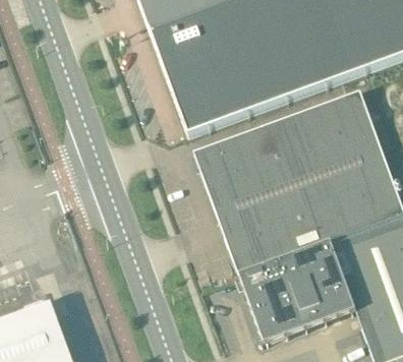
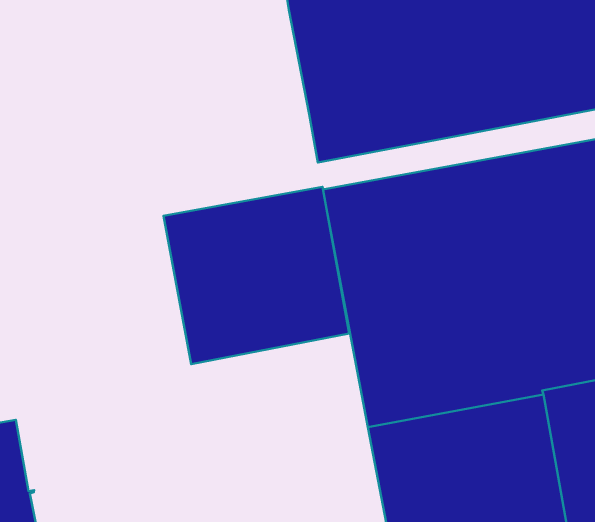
building: none -> [164,187,349,364]

